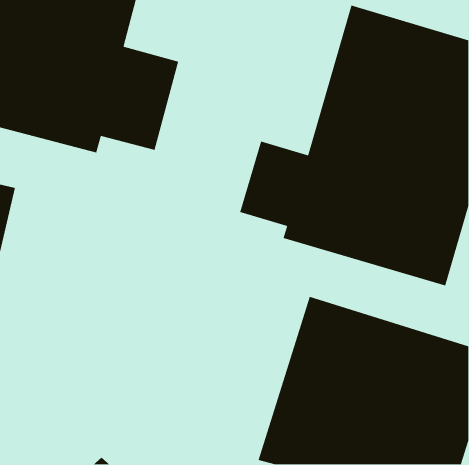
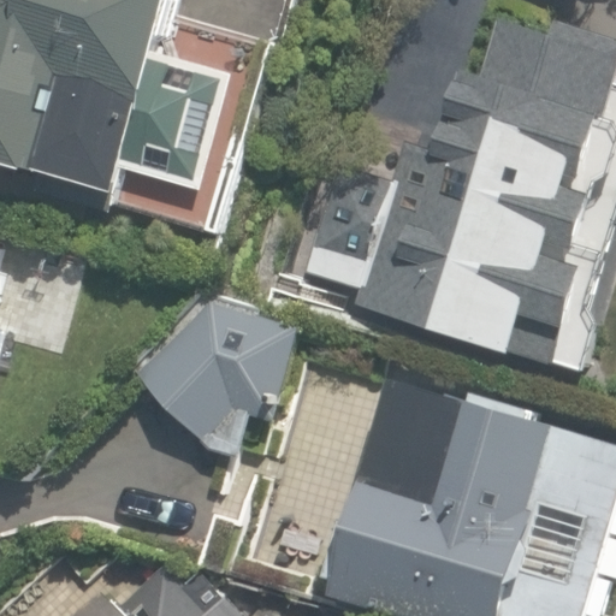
building: none -> [136,276,314,454]

